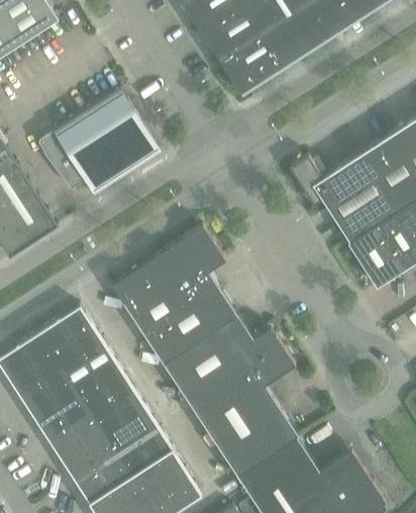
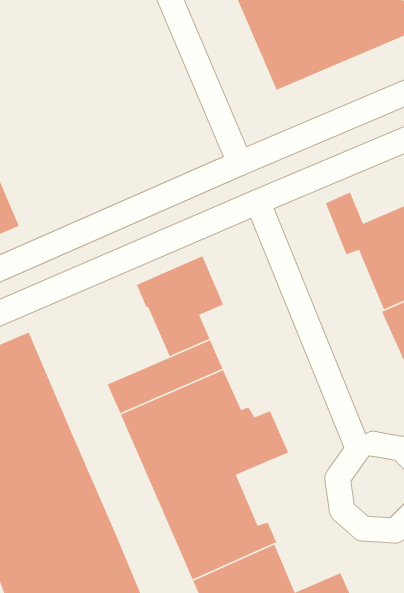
building: [38,89,162,196] -> none
building: [111,256,191,337] -> none

